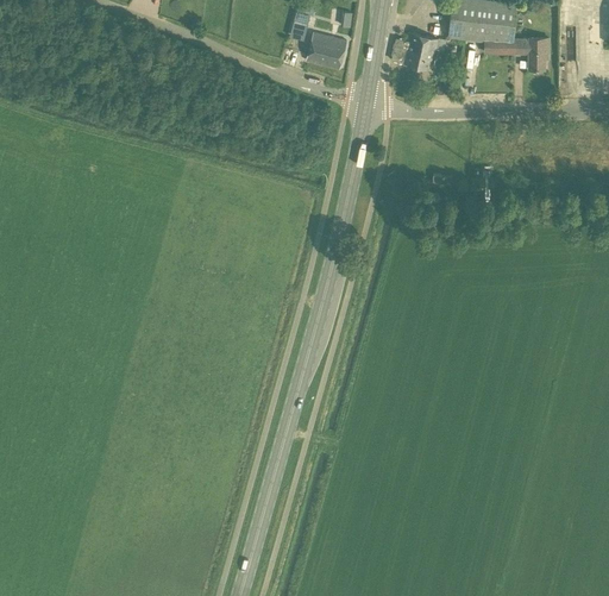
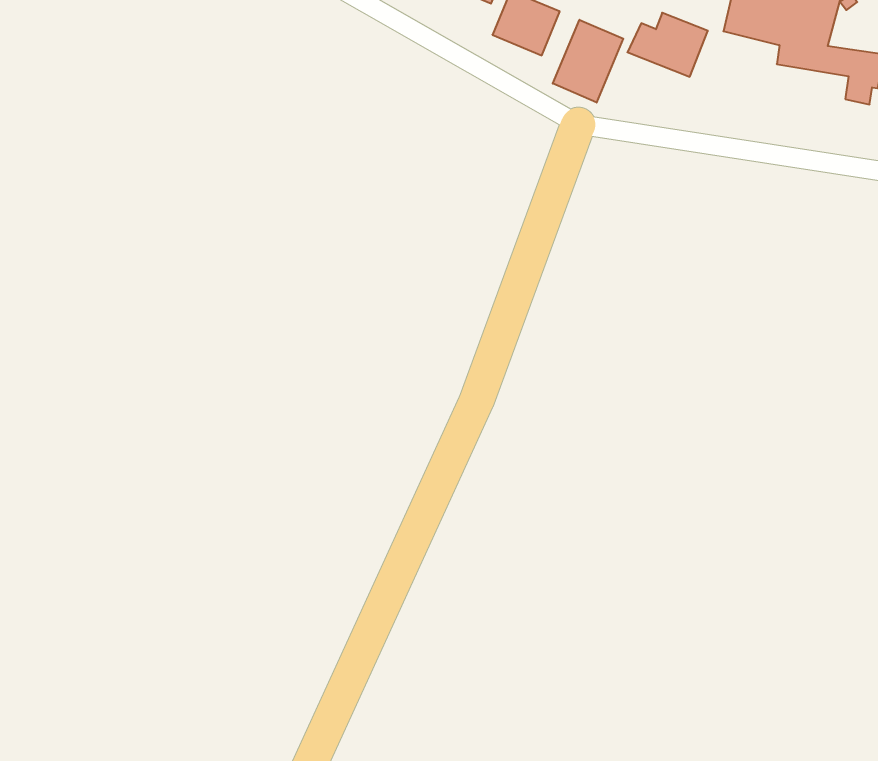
building: none -> [553,20,623,103]

